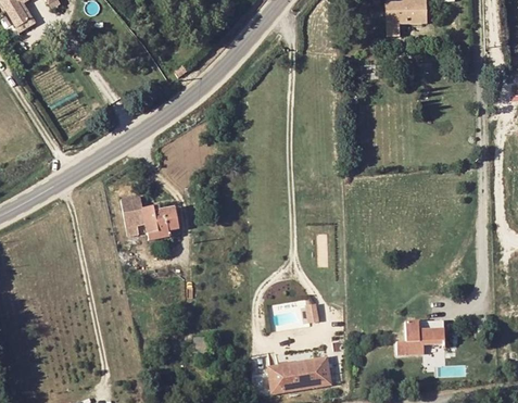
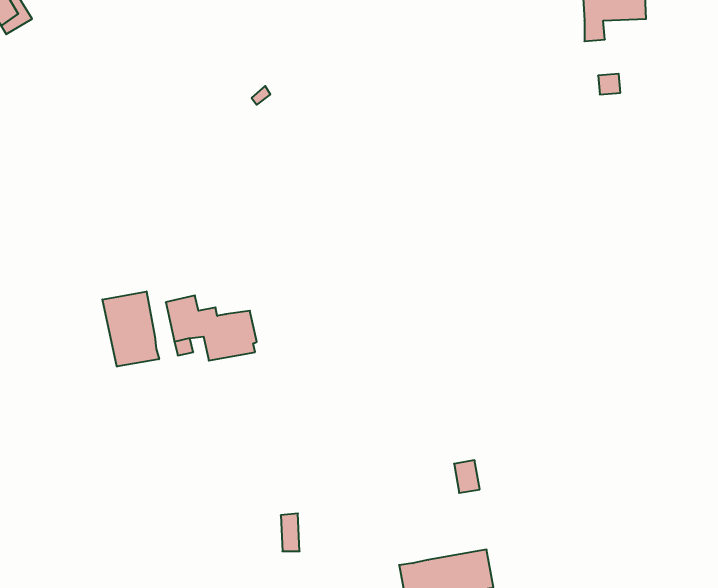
building: none -> [102,291,159,367]
building: [396,319,445,355] -> none

